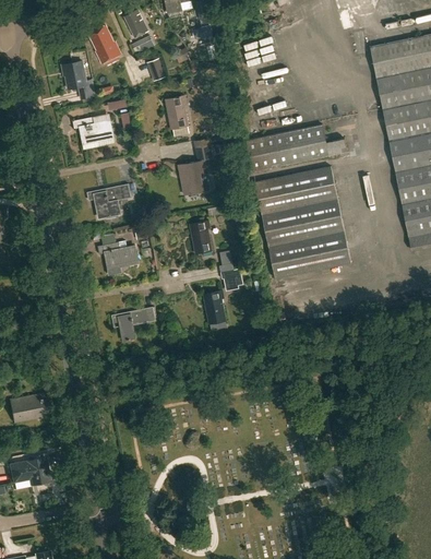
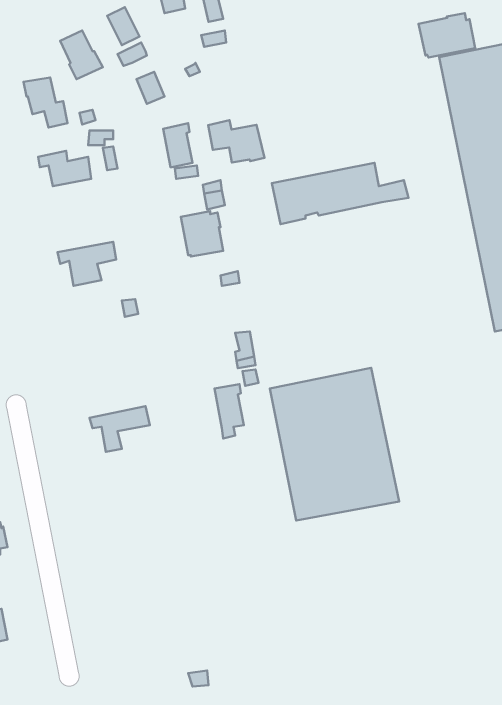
building: none -> [419,13,475,58]
building: none -> [208,120,265,163]
building: [254,165,350,278] -> [270,368,399,520]
building: [189,221,211,253] -> none
building: [97,242,137,274] -> none

